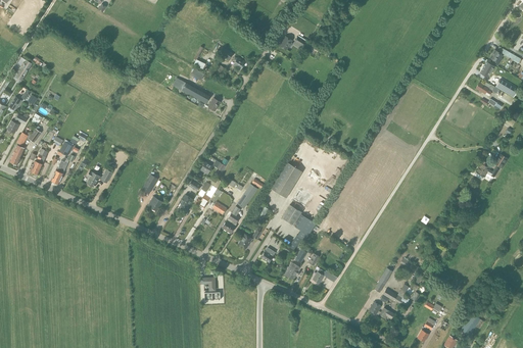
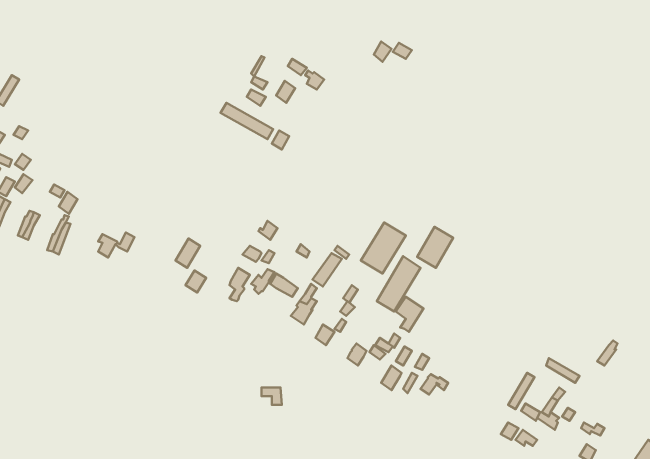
building: none -> [417,227,453,268]

